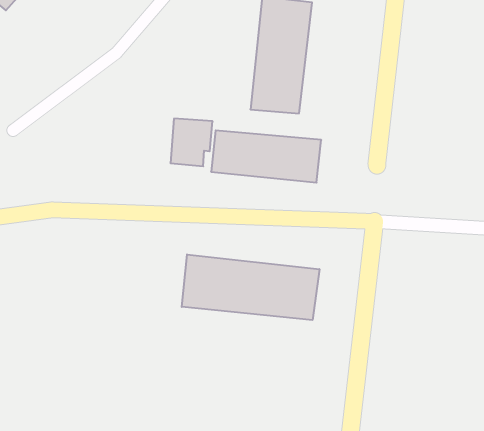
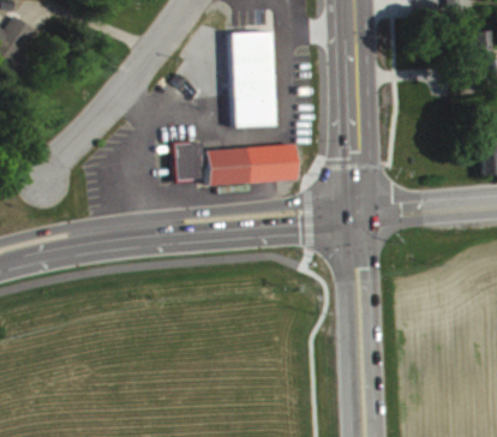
building: [182,254,319,320] -> none

